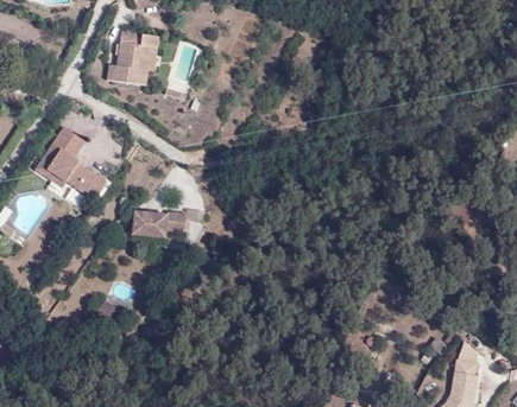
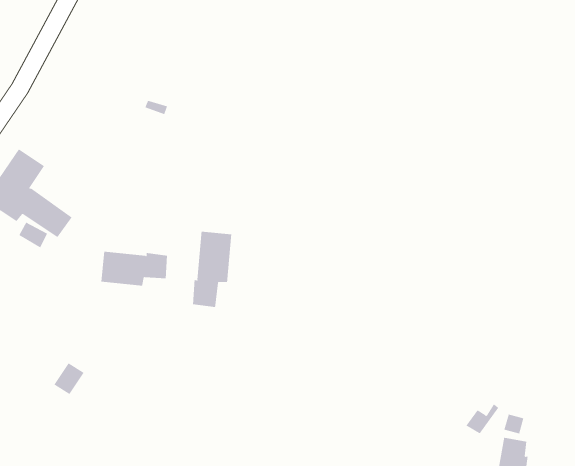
building: [108,31,162,83] -> none
building: none -> [192,231,232,308]

